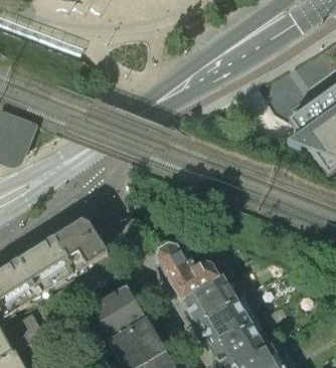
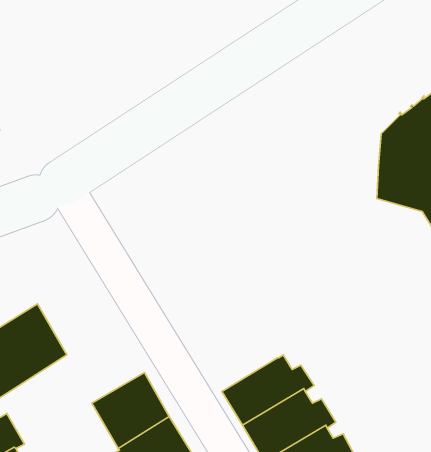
building: [53,216,120,288] -> none
building: [152,230,218,295] -> none

